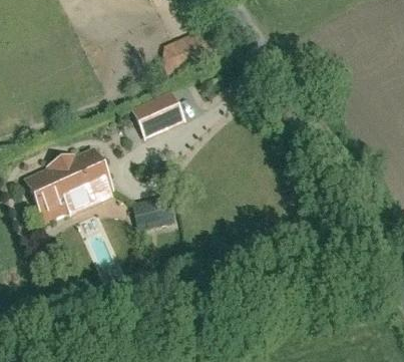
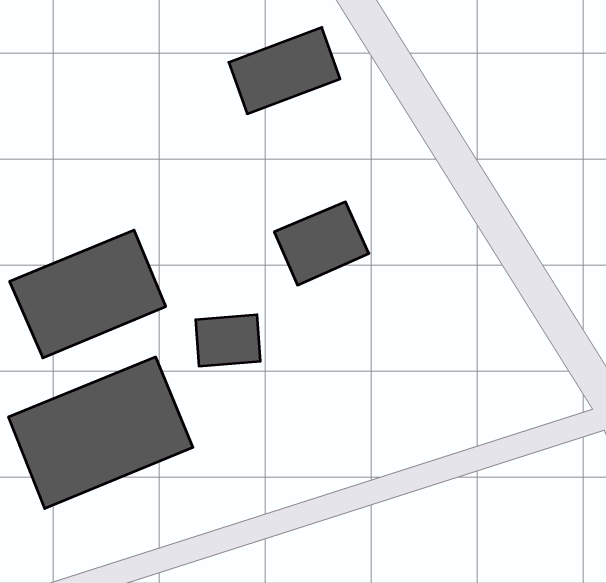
building: [129,89,186,139] -> [274,202,369,285]
building: none -> [9,357,193,509]

